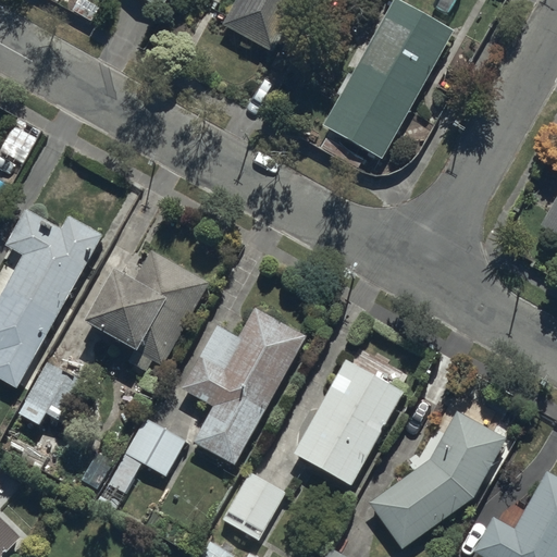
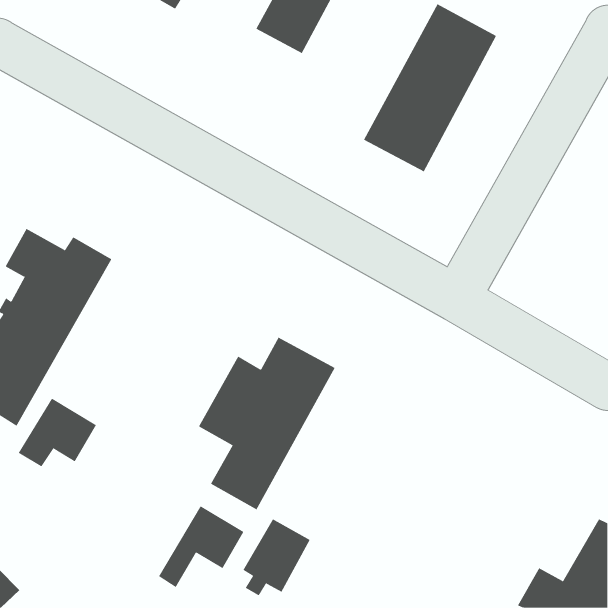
building: [85,249,208,373] -> none
building: [293,360,403,485] -> none
building: [367,411,506,549] -> none
building: [106,418,184,493] -> [158,506,244,588]

